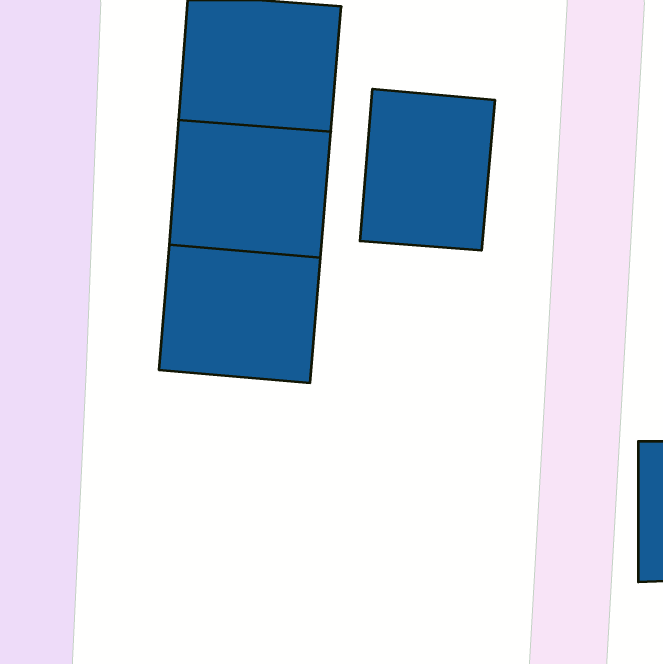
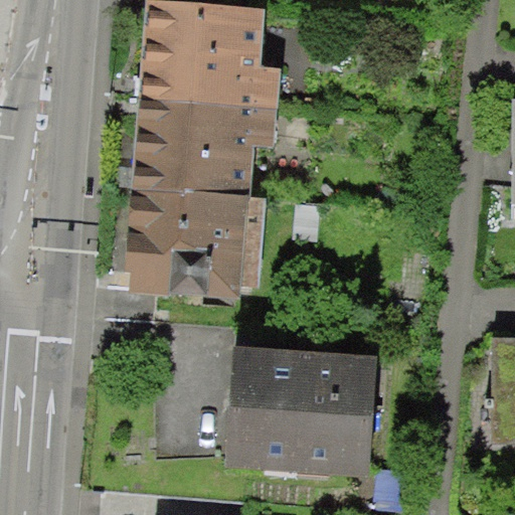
building: [360,89,495,250] -> none
building: none -> [231,359,382,476]

